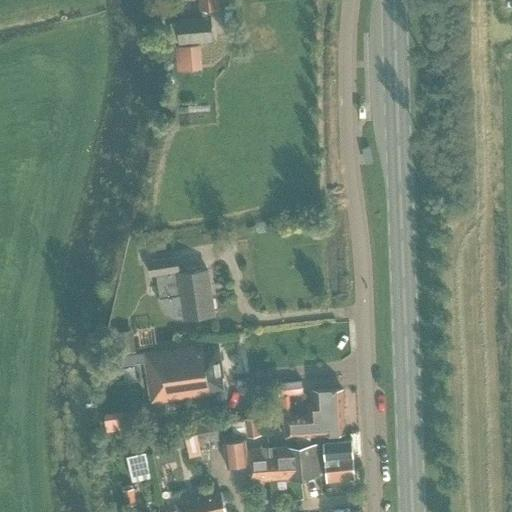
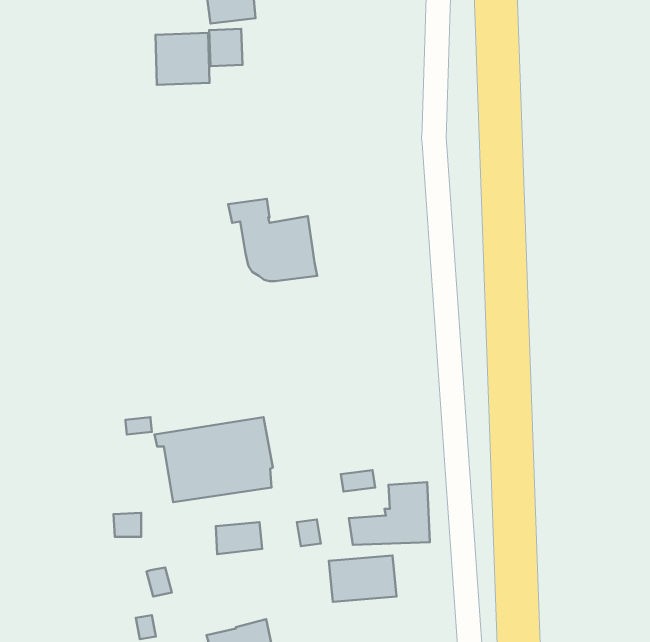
building: none -> [156,33,209,85]
building: [146,258,213,320] -> [228,199,317,281]
building: [323,440,354,482] -> none
building: [222,441,270,482] -> none

